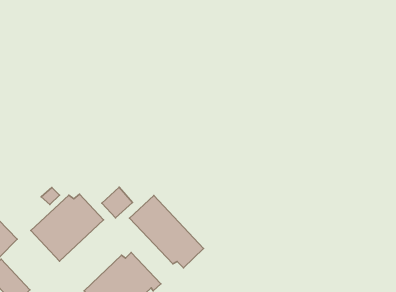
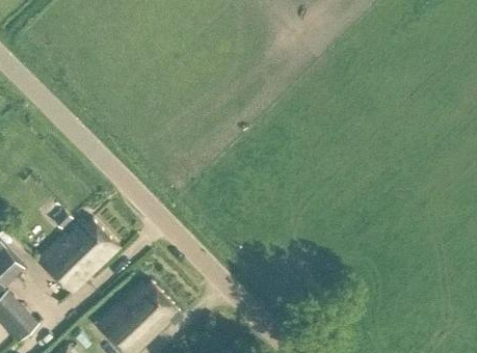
building: [102,187,133,218] -> none
building: [130,196,204,268] -> none

